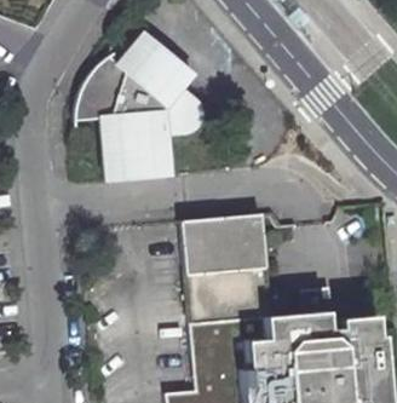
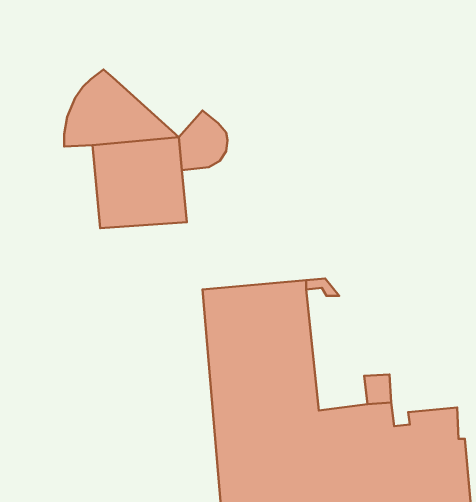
building: [115,30,195,108] -> none

